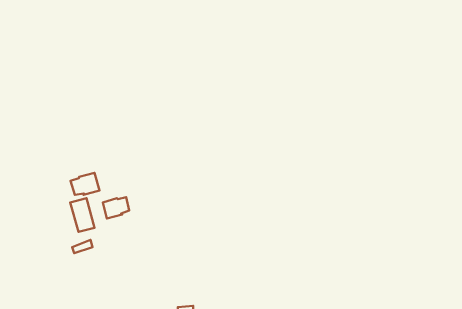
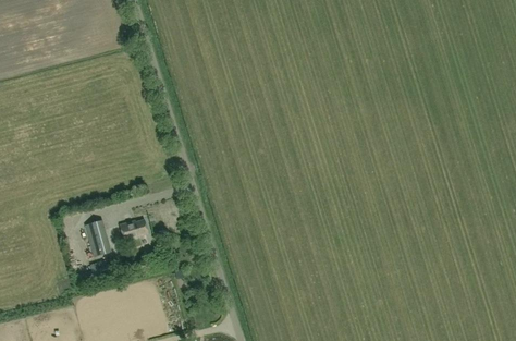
building: [70,173,100,195] -> none

